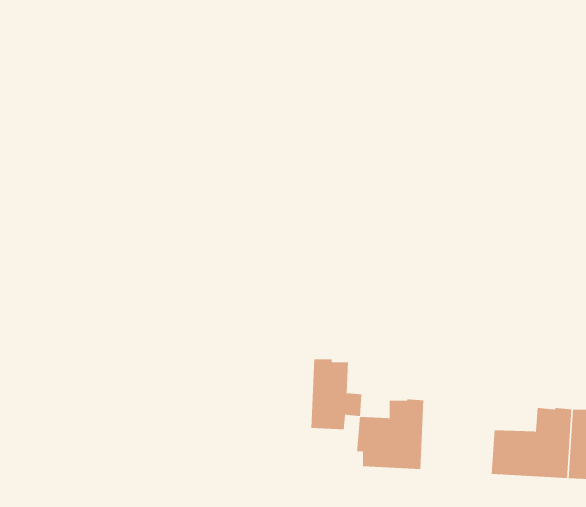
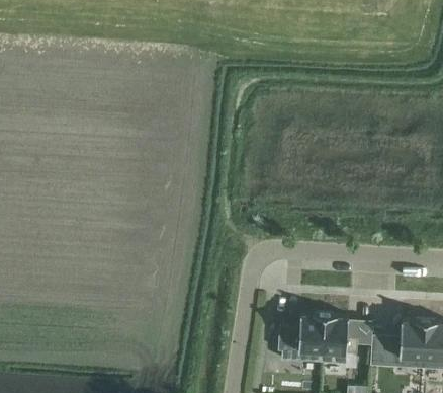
building: [310,359,362,430] -> [322,314,357,363]

